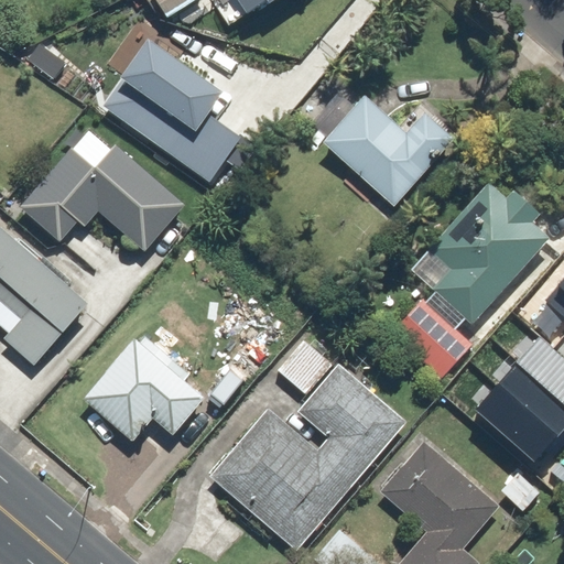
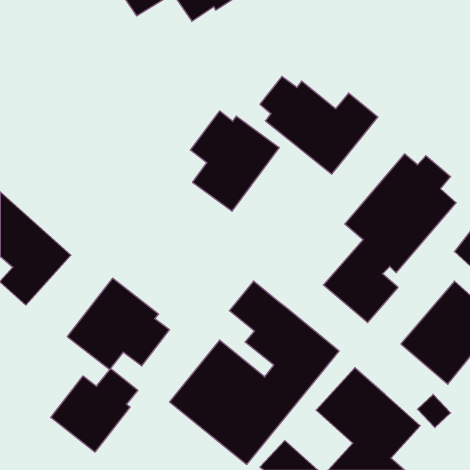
building: [82,23,226,167] -> none
building: none -> [190,111,279,211]
building: [19,144,183,251] -> none
building: none -> [51,369,138,452]

